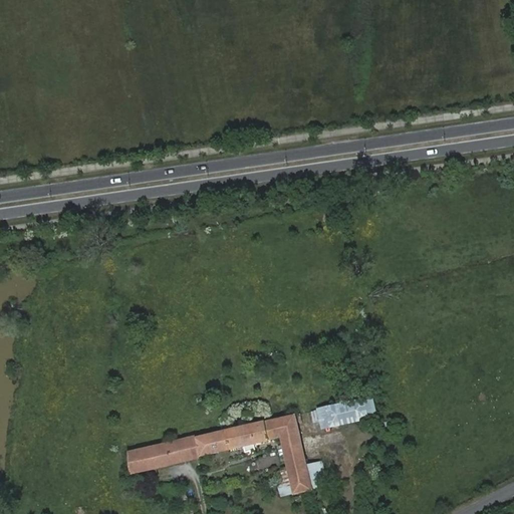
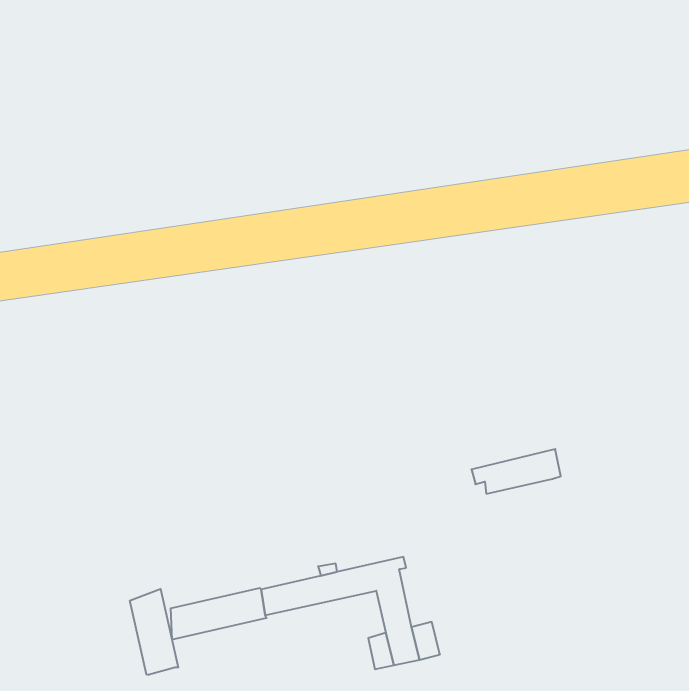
building: [309,396,375,429] -> [471,449,561,494]
building: none -> [130,589,178,675]

